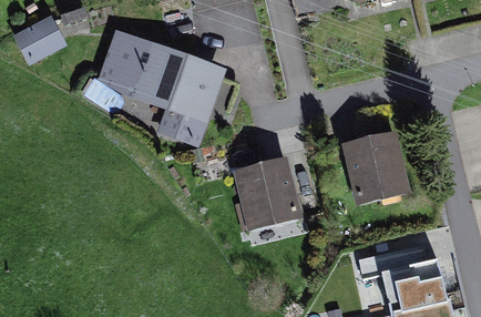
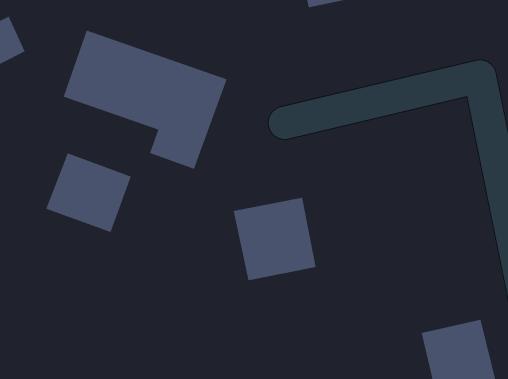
building: none -> [45,152,132,233]
building: [341,135,411,208] -> none

